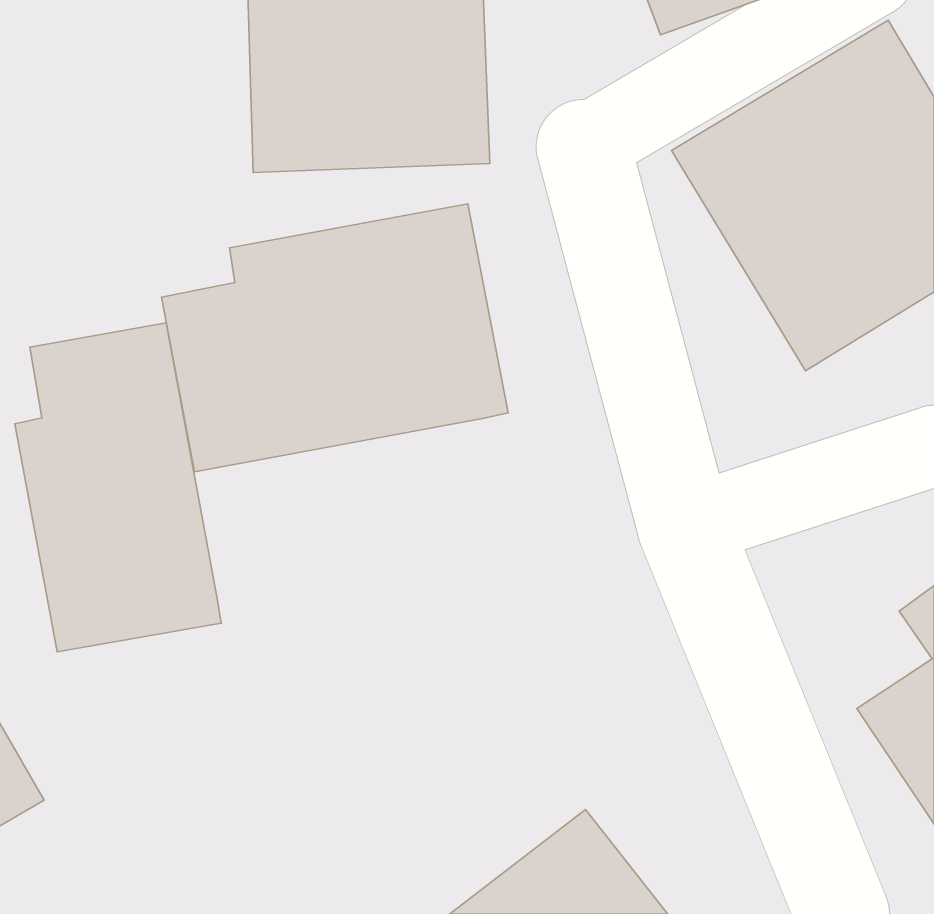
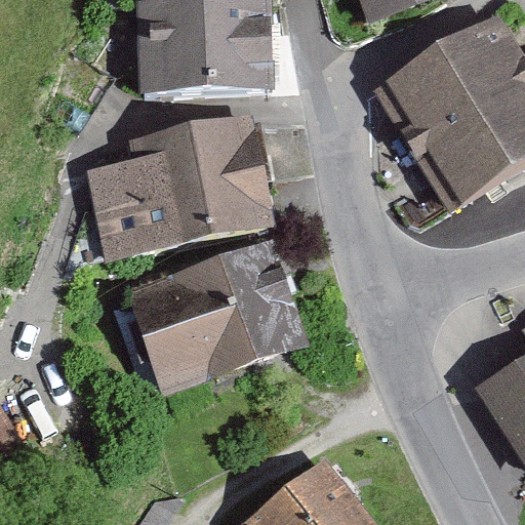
building: [15,323,221,652] -> none
building: none -> [120,234,311,396]

